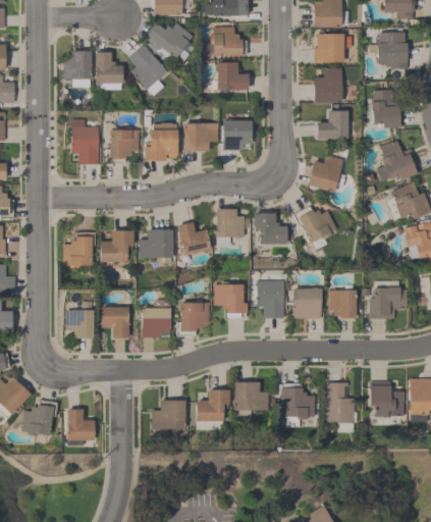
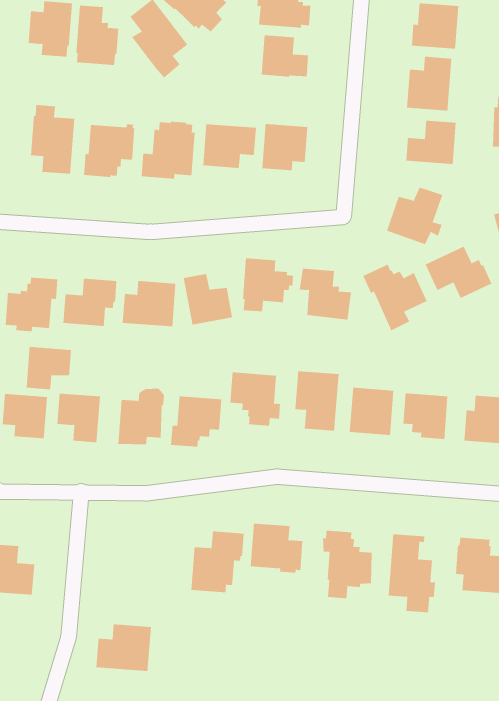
building: none -> [425,246,492,299]
building: none -> [26,346,71,390]
building: [151,400,185,429] -> [96,624,152,672]

